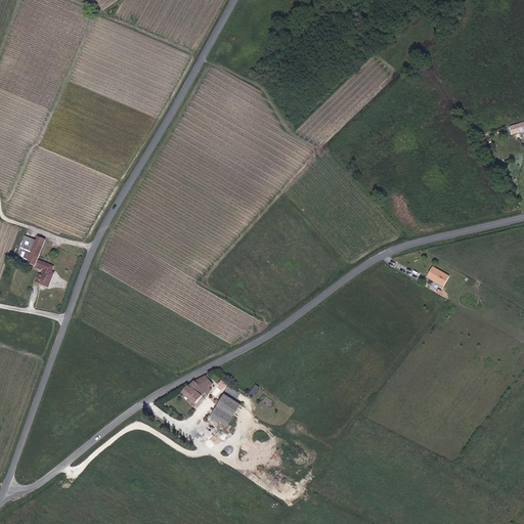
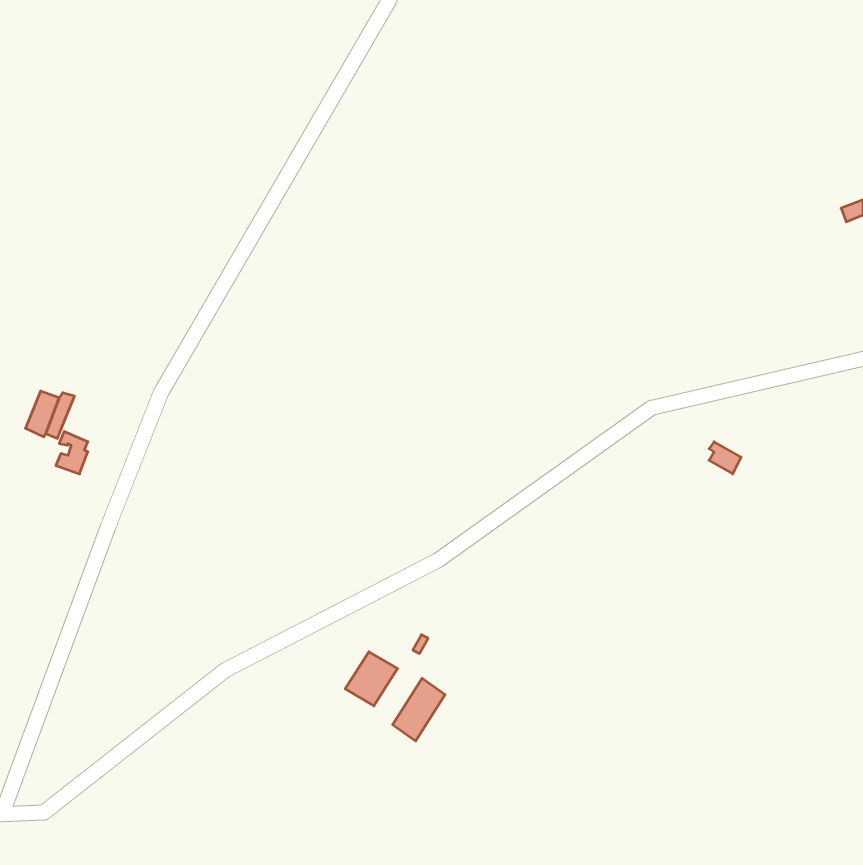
building: [181,376,212,403] -> none
building: none -> [393,678,445,741]

